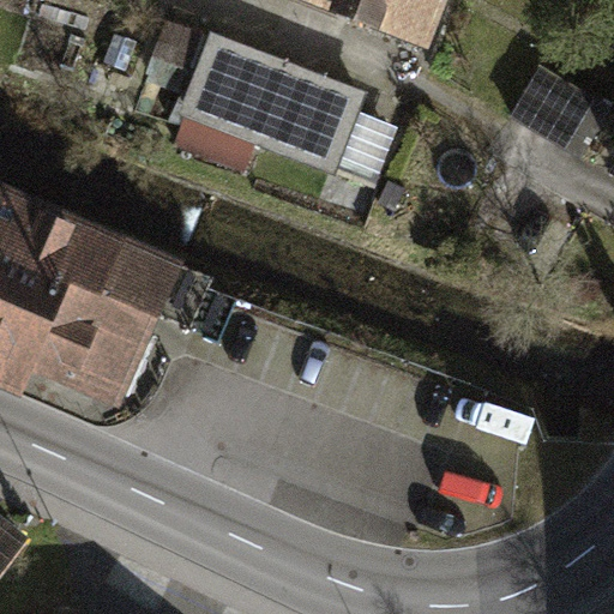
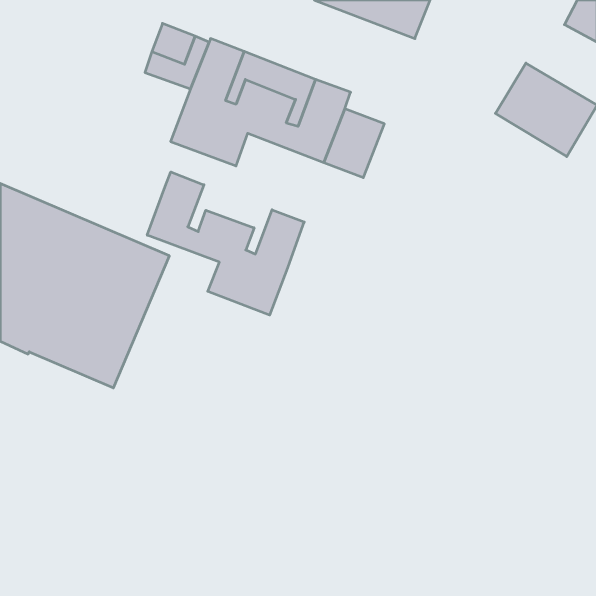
building: none -> [147,172,304,315]

